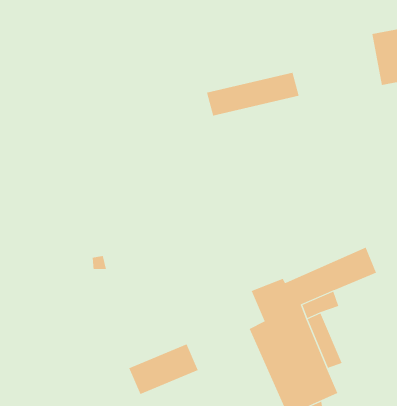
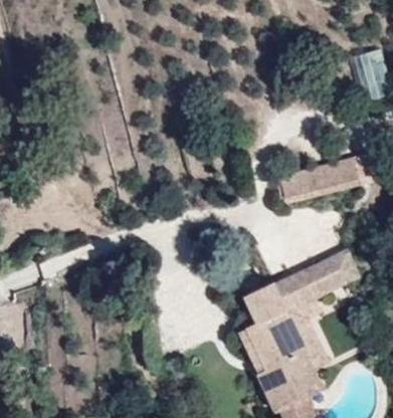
building: [206,72,300,116] -> [278,156,366,197]
building: [129,343,199,395] -> none

